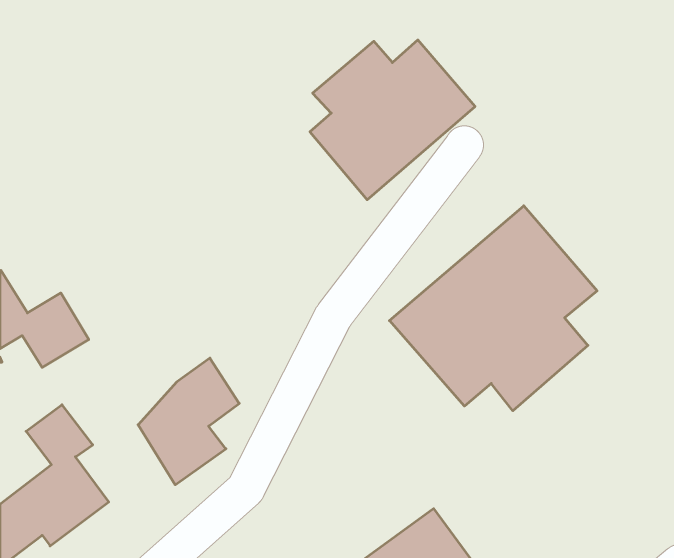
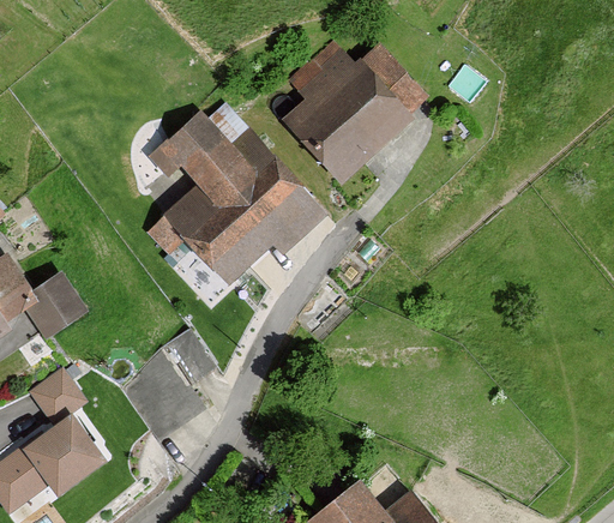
building: none -> [145,110,313,288]
building: [389,206,597,411] -> none

